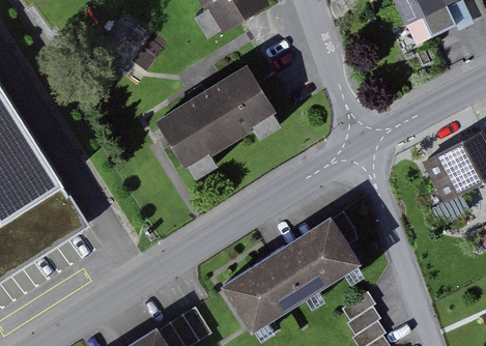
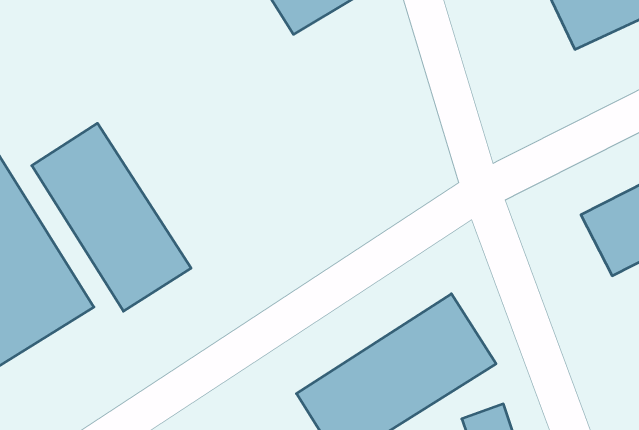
building: [159,65,281,172] -> none
building: none -> [32,123,191,311]

